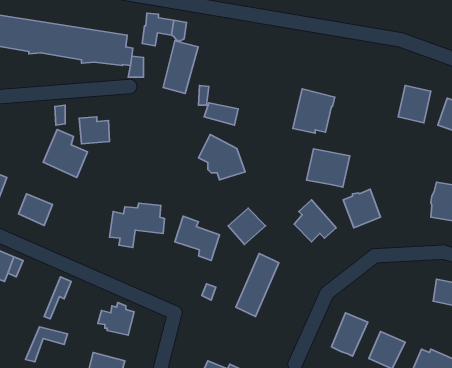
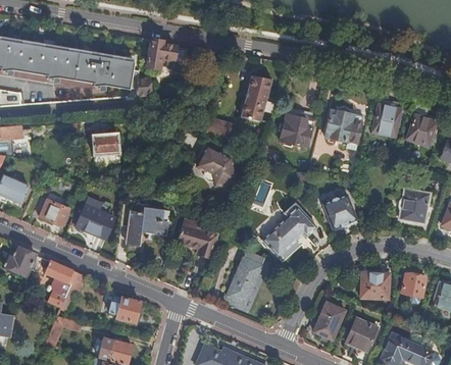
building: [163,41,198,93] -> [241,75,271,121]
building: [43,130,87,177] -> [77,197,115,239]
building: [307,149,350,187] -> [324,110,362,144]
building: [228,208,266,244] -> [263,225,296,257]
building: none -> [46,261,77,306]
building: none -> [361,272,390,299]

